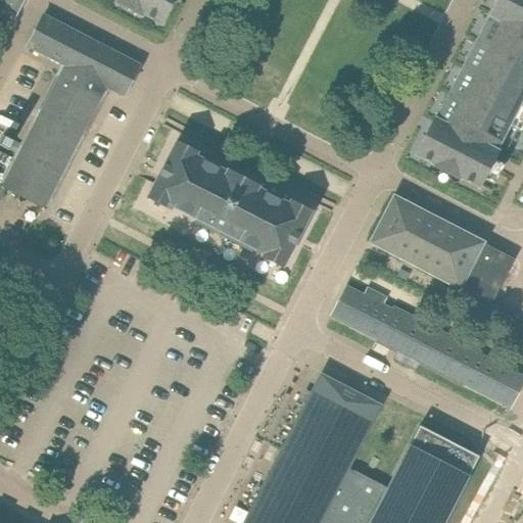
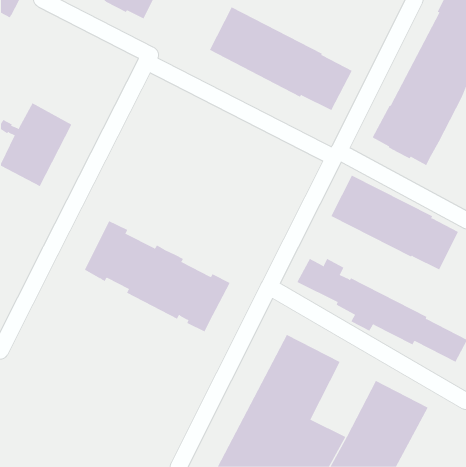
building: none -> [209,7,353,111]
building: [29,13,142,139] -> none
building: [149,141,313,266] -> [84,221,231,332]

